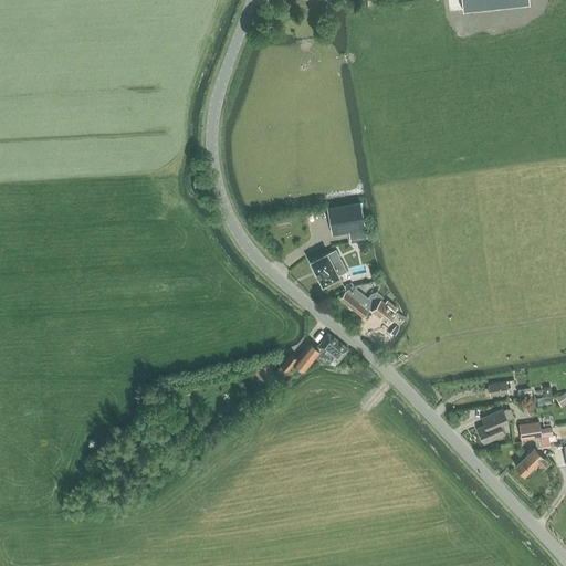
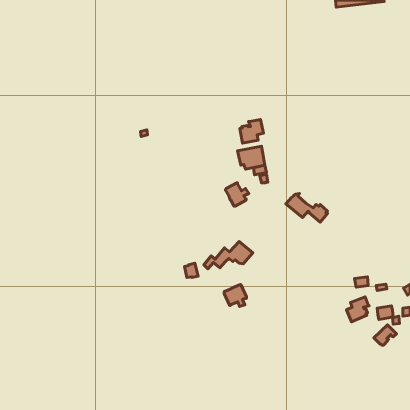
building: none -> [240,119,263,143]
building: [339,284,397,324] -> [286,193,328,222]
building: none -> [224,285,247,306]

